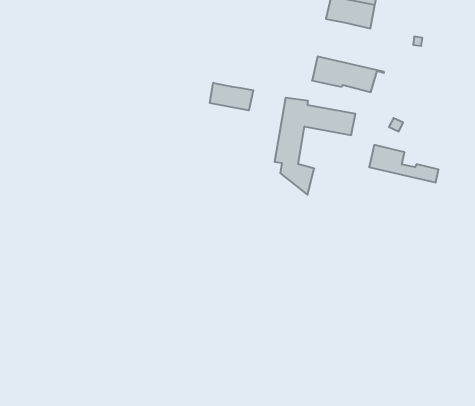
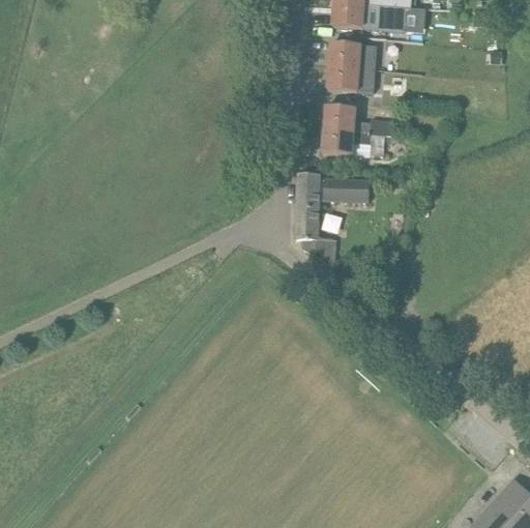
building: [210,83,253,110] -> none
building: [369,145,439,183] -> [323,106,392,135]

